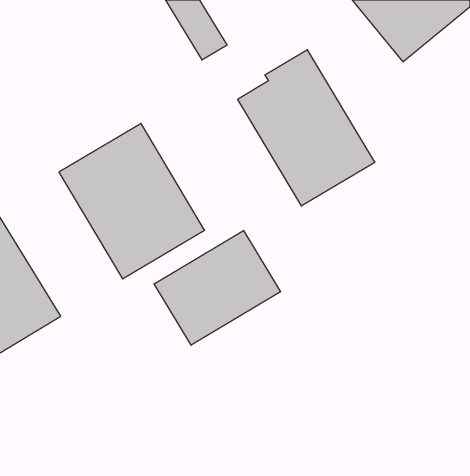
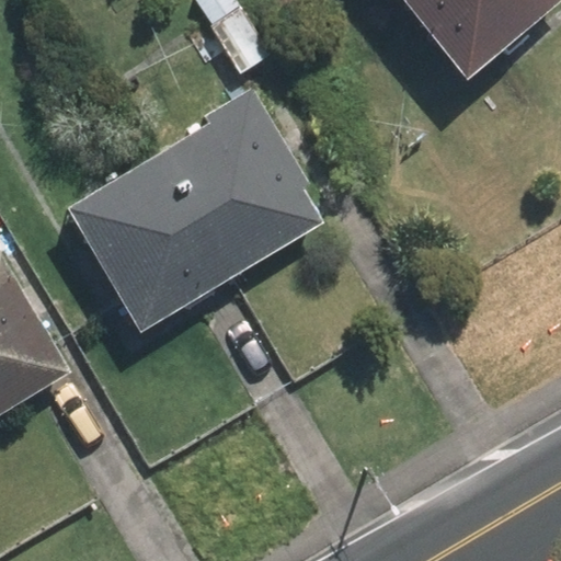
building: [238,50,375,206] -> [165,89,327,272]
building: [154,230,281,345] -> none

